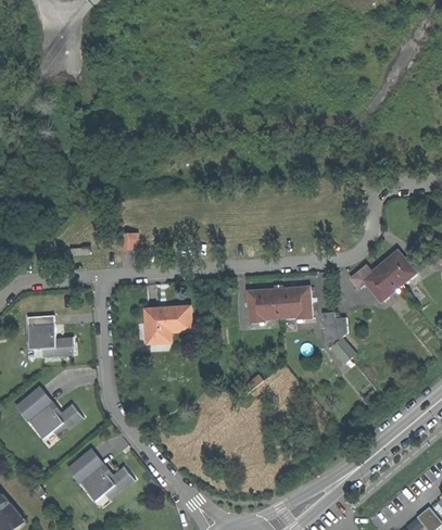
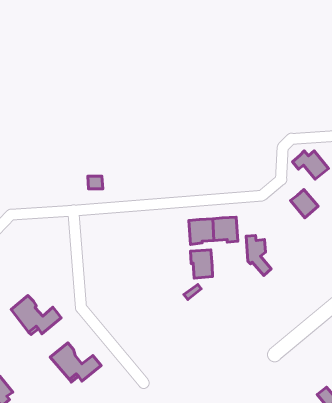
building: [352,264,399,301] -> [293,151,328,179]
building: [146,304,193,341] -> none
building: [26,315,73,356] -> none
building: none -> [190,250,213,278]

